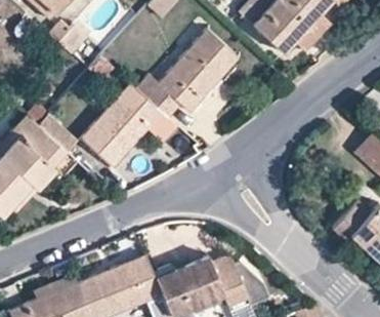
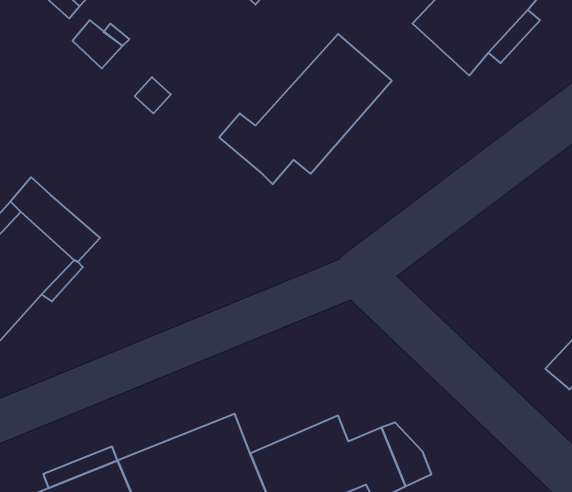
building: [81,84,163,167] -> none

